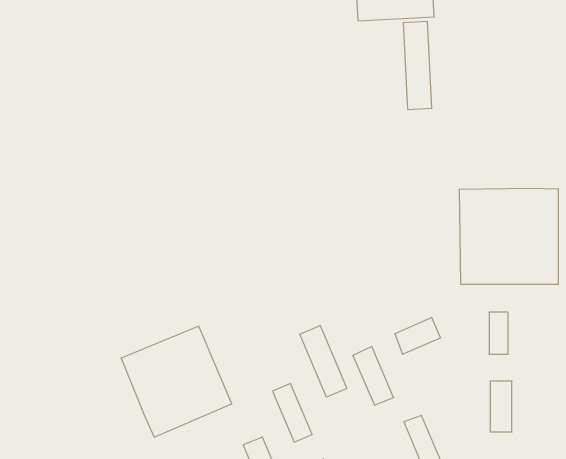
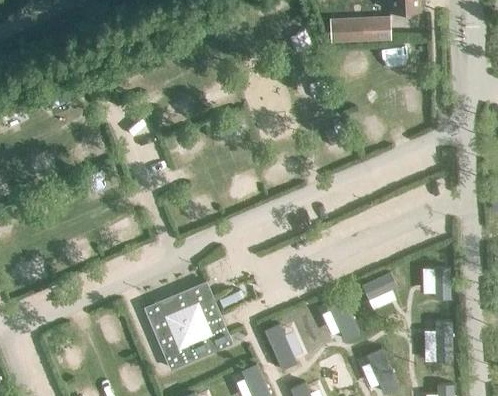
building: [404,21,432,110] -> none
building: [459,188,558,284] -> none
building: [300,325,347,397] -> none

